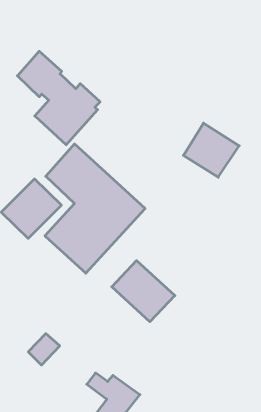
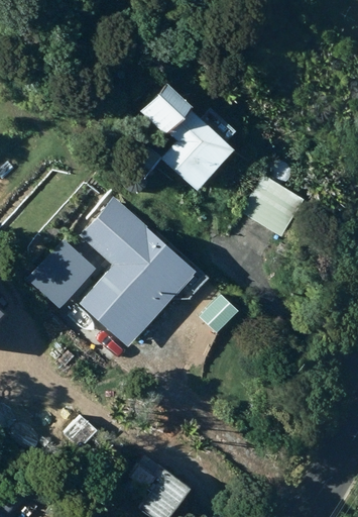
building: [17,51,100,145] -> [140,83,236,191]
building: [112,261,175,322] -> none

